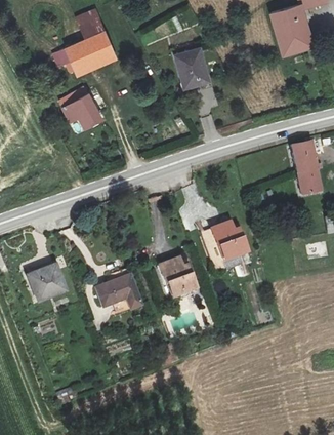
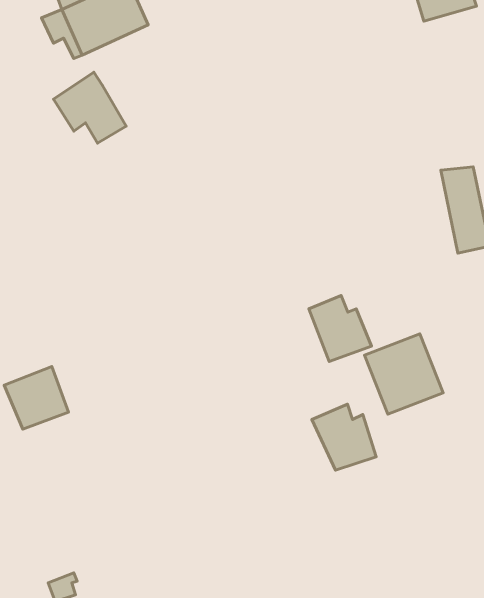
building: [174,48,209,89] -> none
building: none -> [364,334,443,414]
building: [159,258,198,298] -> [312,404,376,470]
building: [94,274,142,310] -> none

